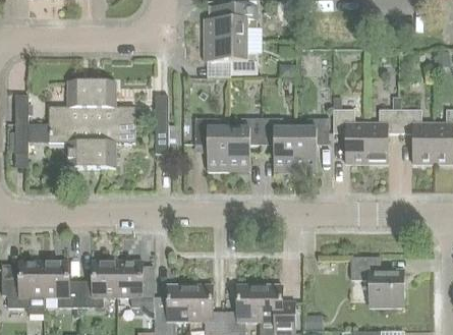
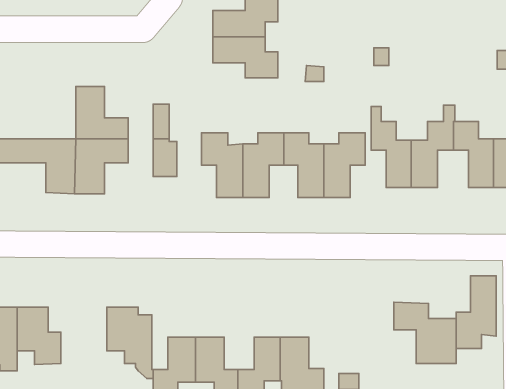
building: [48,79,92,122] -> none
building: none -> [456,276,496,349]
building: [79,260,117,305] -> none

